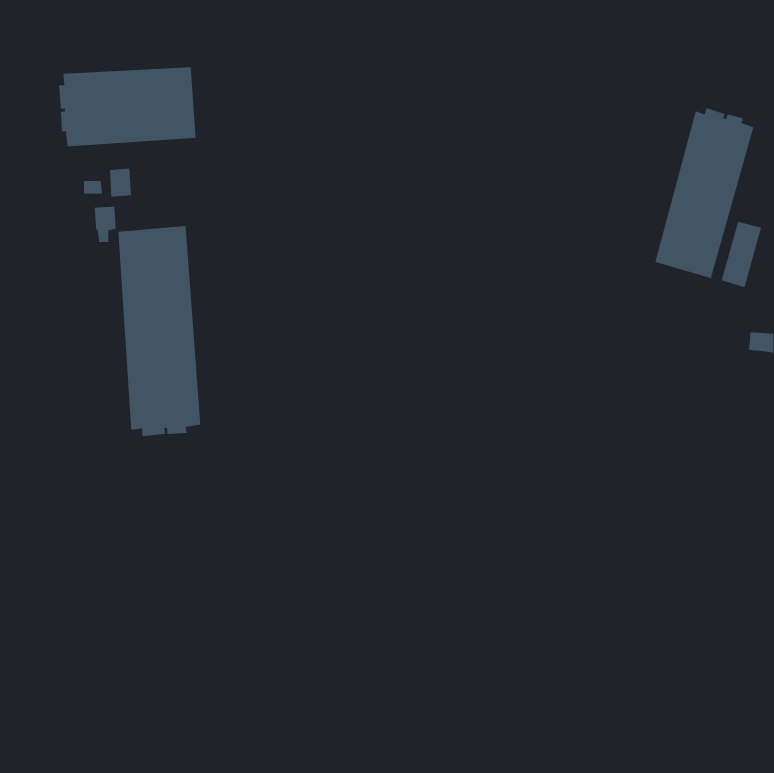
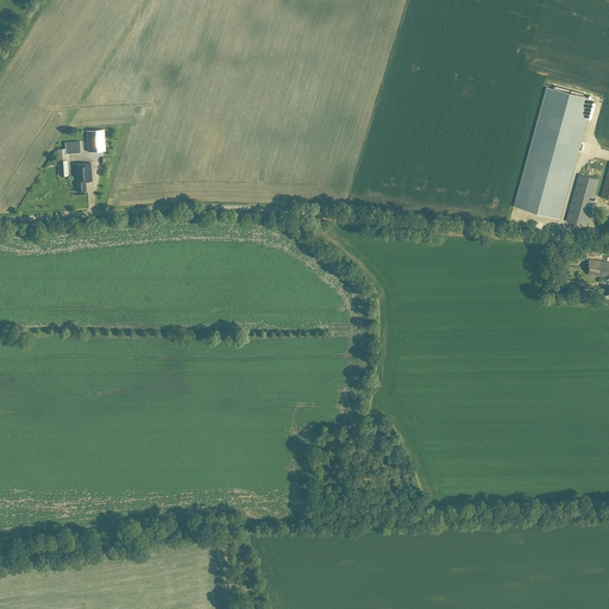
building: [59,66,196,147] -> none
building: [118,225,201,437] -> none

